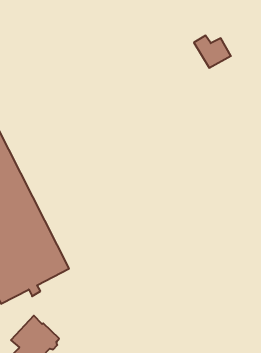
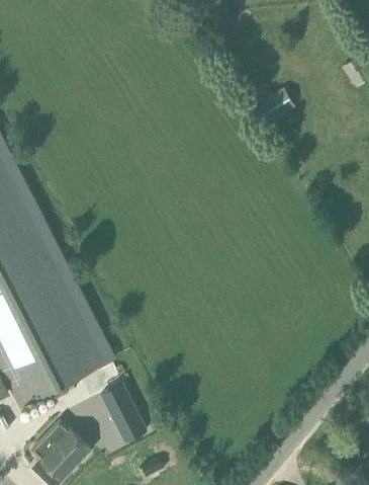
building: none -> [102,383,147,440]

